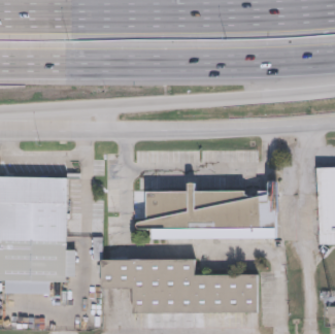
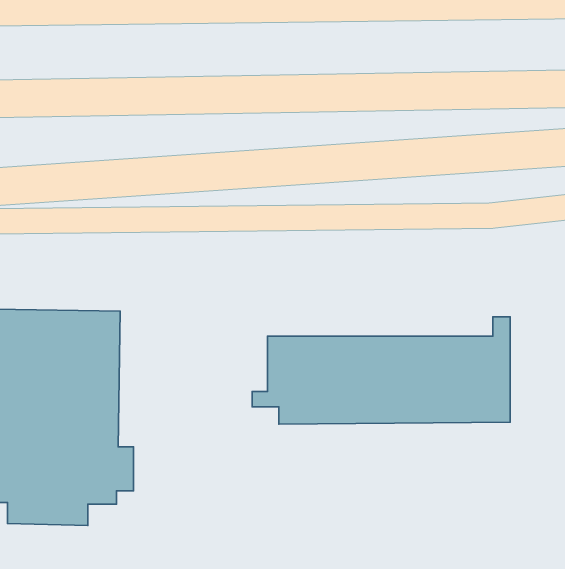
building: [101,260,258,312] -> none

